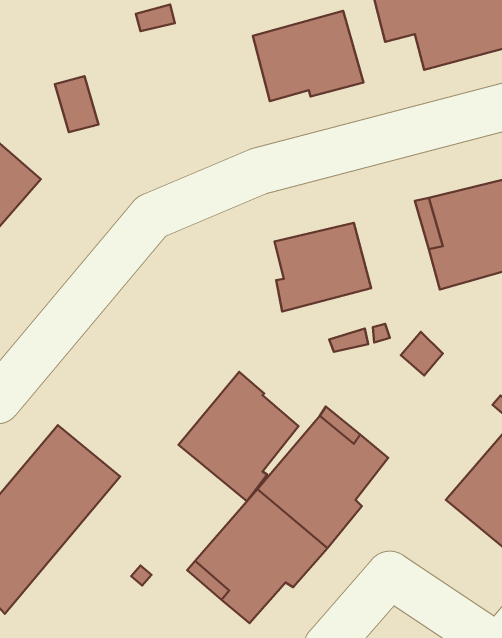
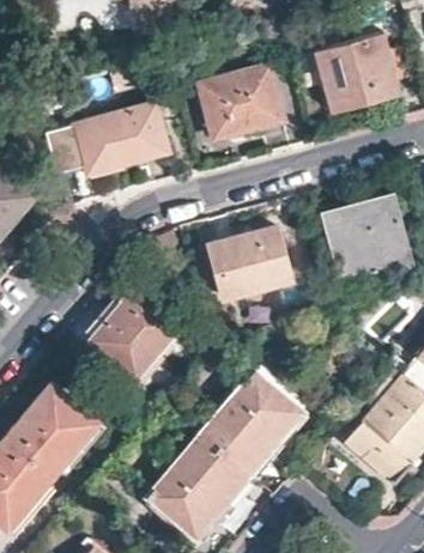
building: none -> [74,105,165,170]
building: [178,372,298,501] -> [87,285,180,384]

